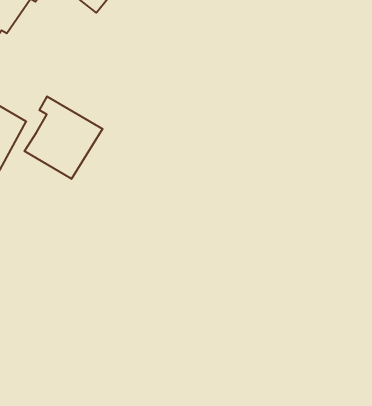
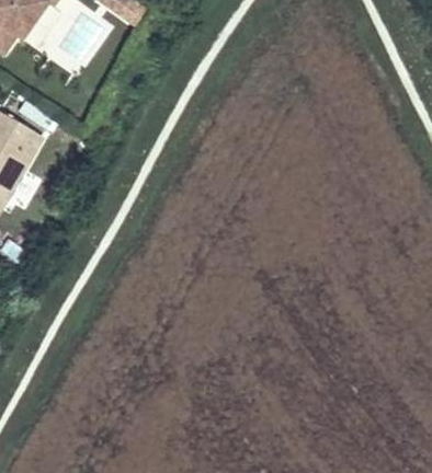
building: [25,96,103,179] -> none

